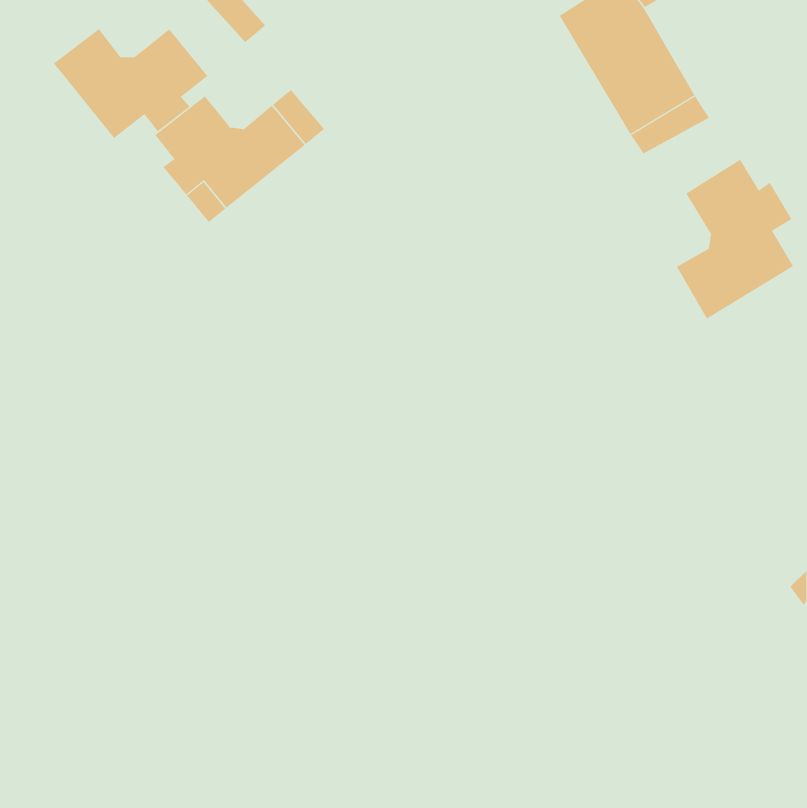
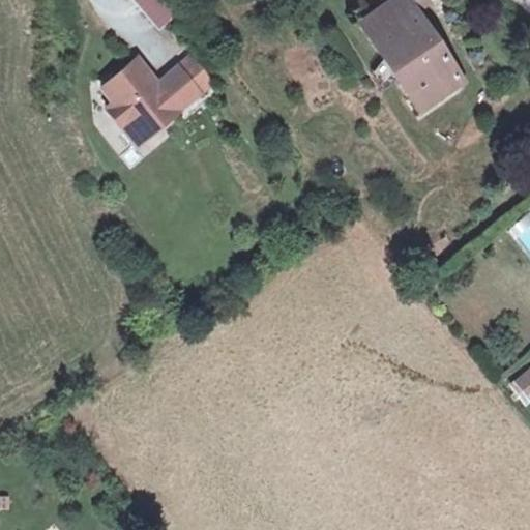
building: [53,28,208,139] -> none
building: [676,159,794,319] -> none

